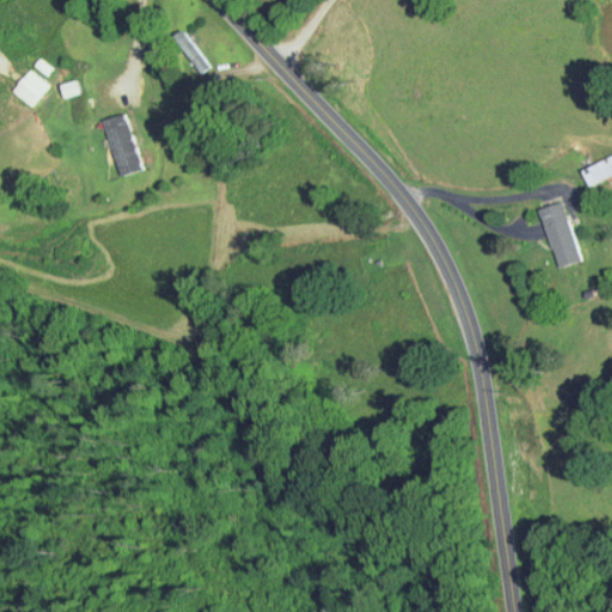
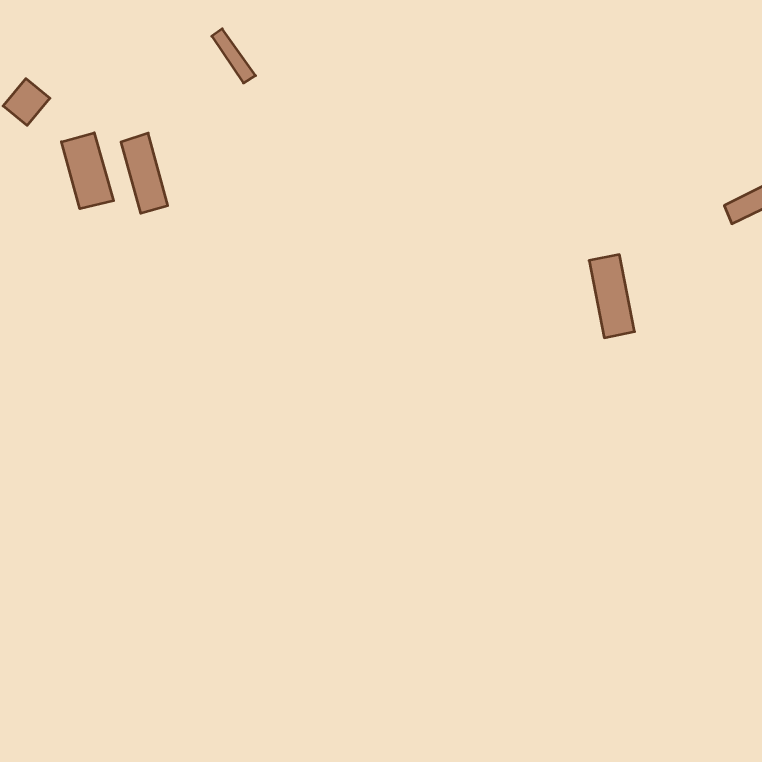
building: none -> [61,133,114,209]
building: [541,203,577,269] -> [589,255,635,338]

